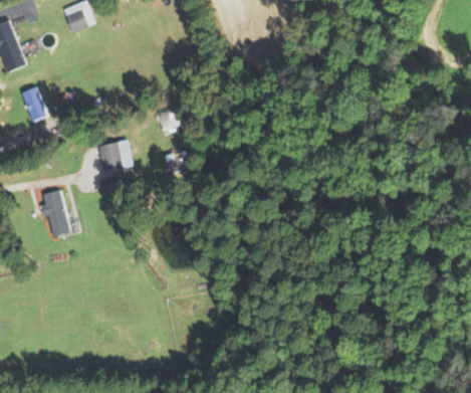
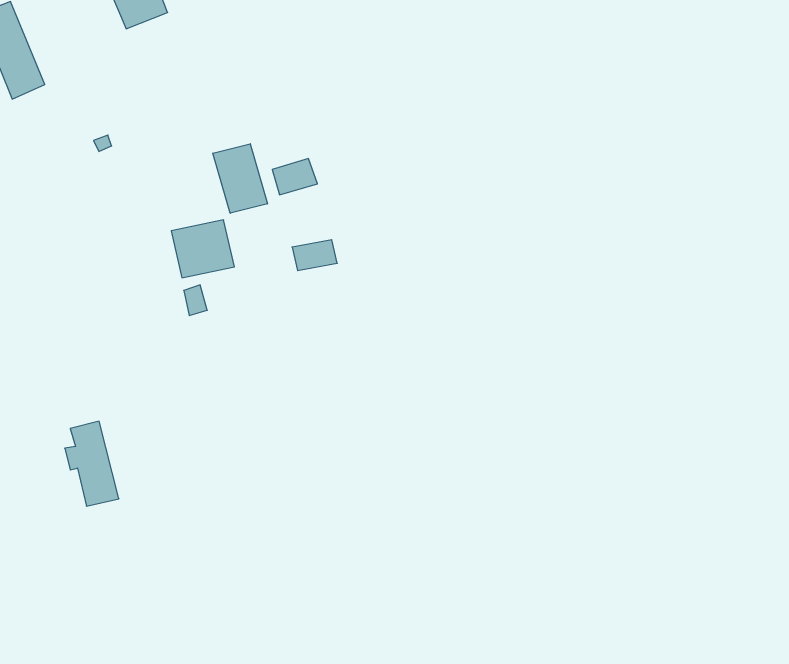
building: [21,85,48,122] -> none
building: none -> [213,144,267,213]
building: [41,189,71,236] -> [65,421,119,506]

